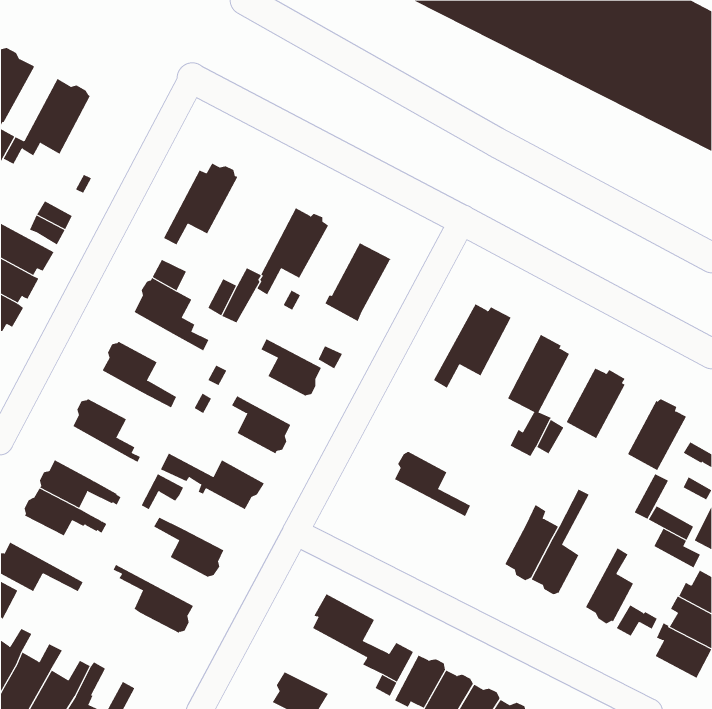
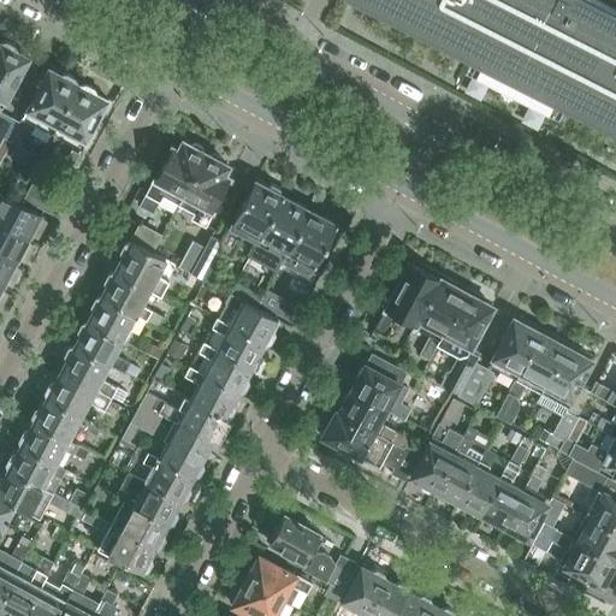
building: none -> [52,85,108,152]
building: none -> [179,155,230,238]
building: none -> [257,197,310,257]
building: none -> [102,272,168,332]
building: none -> [415,277,467,361]
building: none -> [212,320,265,369]
building: none -> [76,322,131,373]
building: none -> [496,334,567,425]
building: none -> [353,356,409,420]
building: none -> [186,369,238,420]
building: none -> [46,371,112,417]
building: none -> [322,414,417,481]
building: none -> [159,425,212,478]
building: none -> [411,426,454,491]
building: none -> [7,448,93,496]
building: none -> [482,463,523,528]
building: none -> [114,473,180,526]
building: none -> [81,513,155,574]
building: none -> [245,558,312,606]

